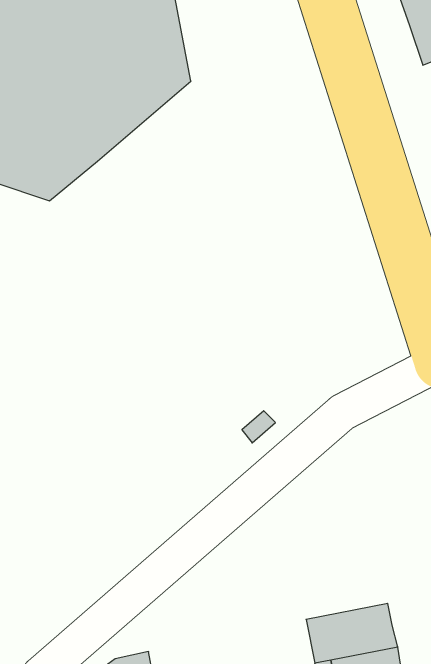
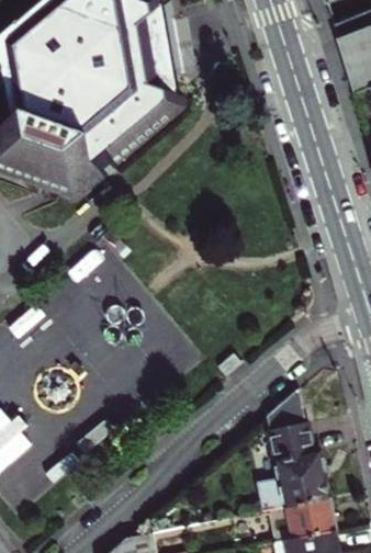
building: none -> [260,391,330,512]

